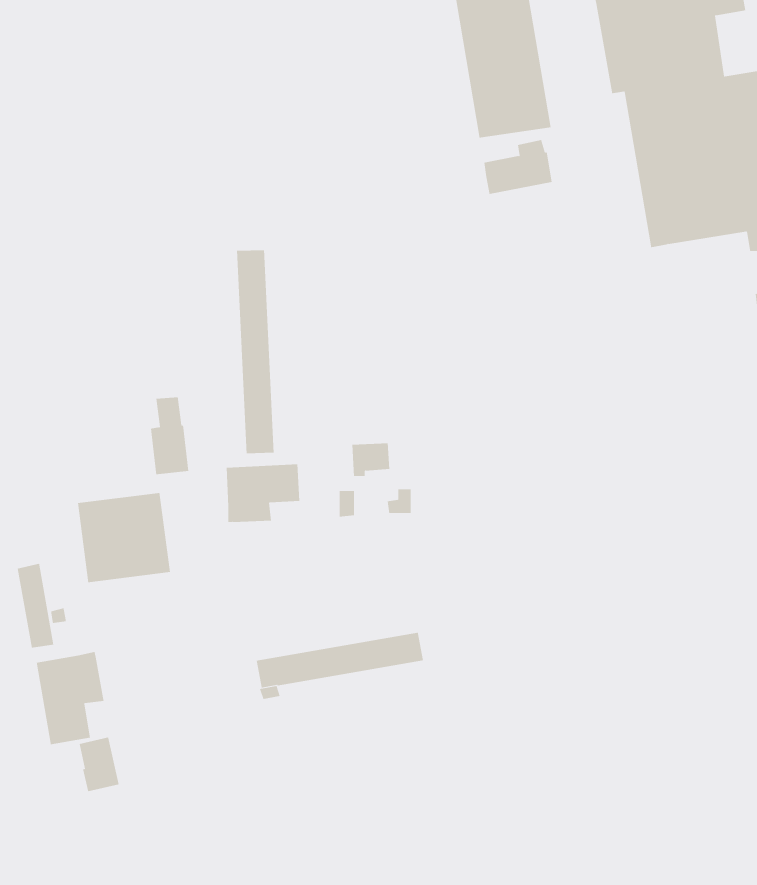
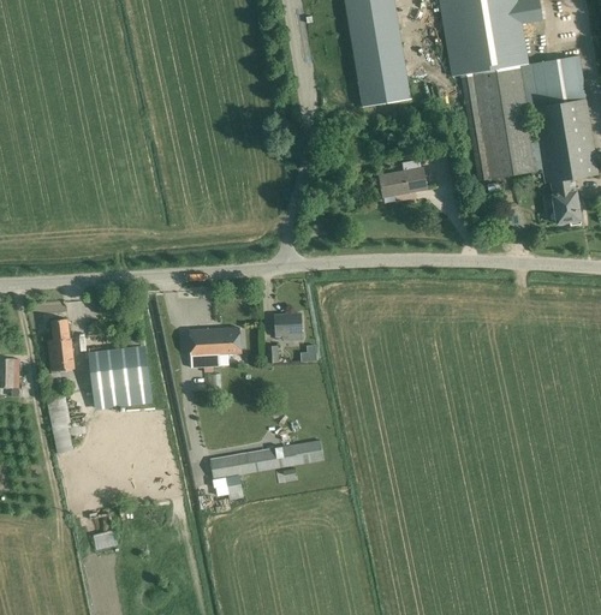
building: [484,140,553,195] -> [380,159,427,196]
building: [236,249,274,454] -> none
building: [150,397,189,475] -> [48,318,75,371]
building: [36,651,104,745] -> none

